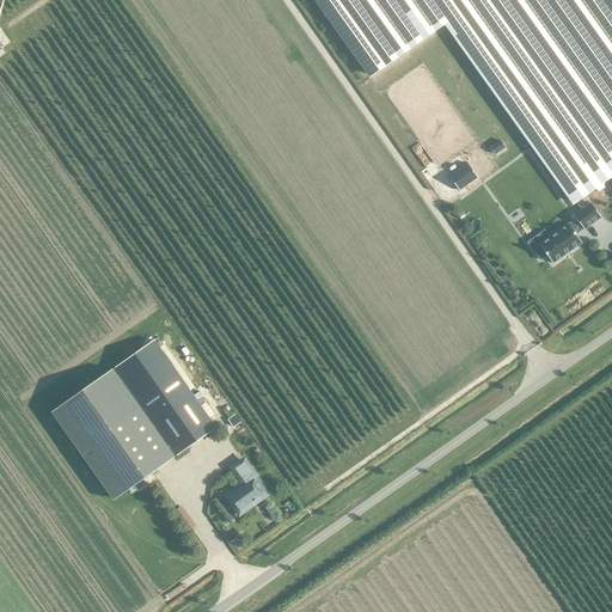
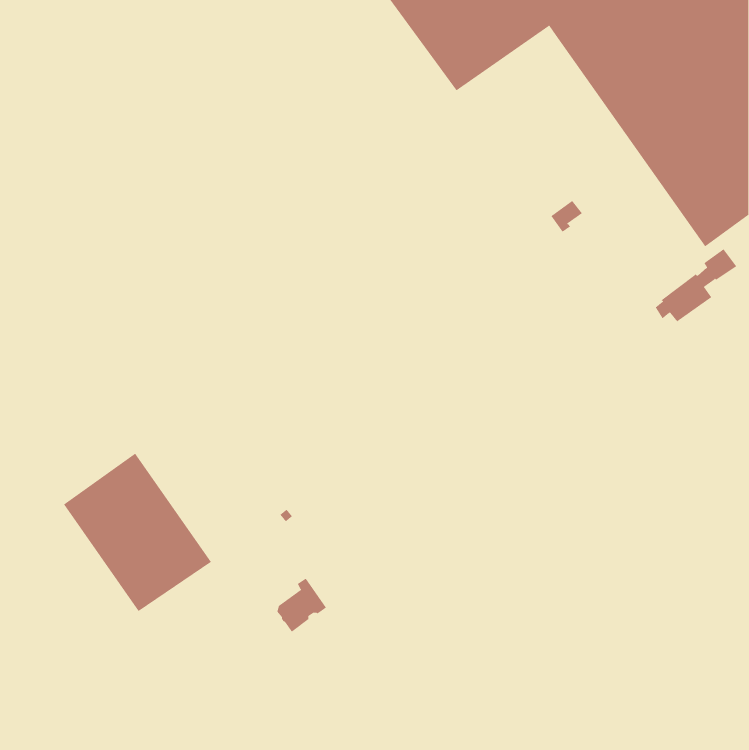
building: [112,339,213,454] -> none

